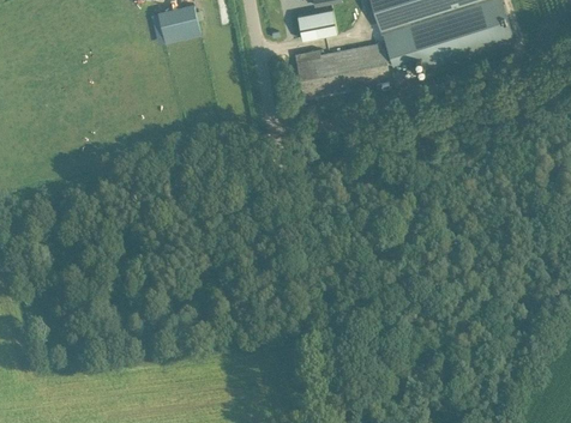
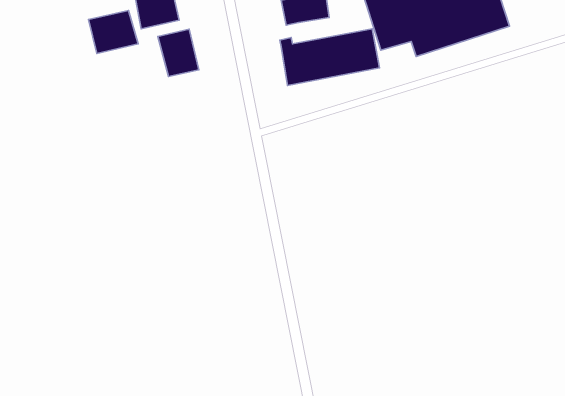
building: none -> [88,10,138,54]
building: none -> [158,29,199,77]

